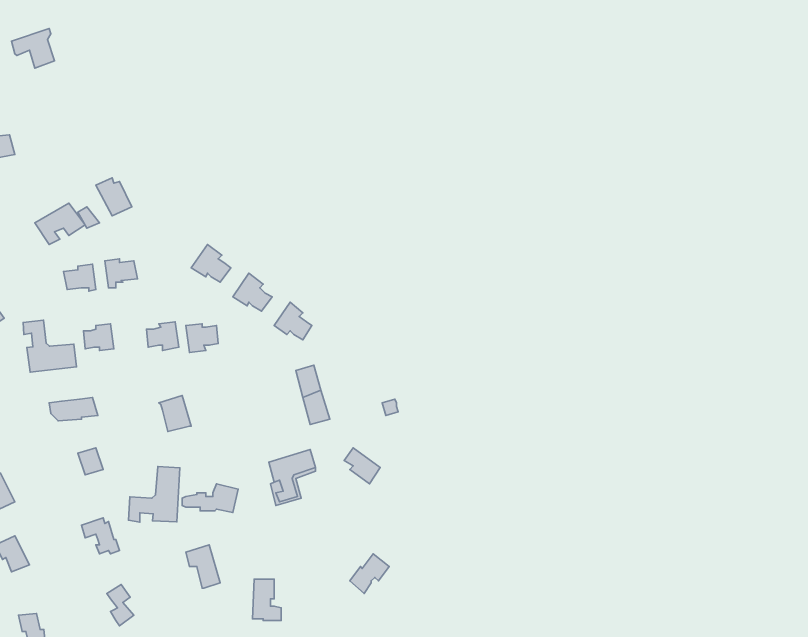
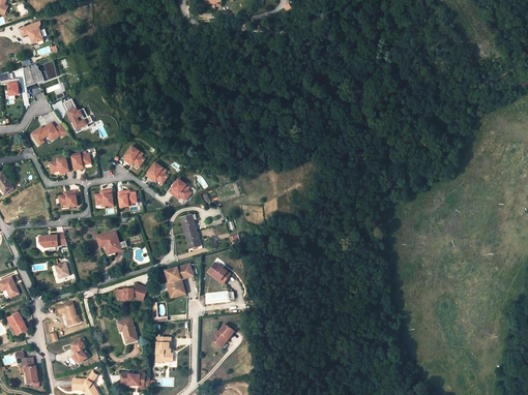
building: none -> [24,60,58,87]
building: [23,320,76,372] -> none
building: [128,466,180,522] -> none

